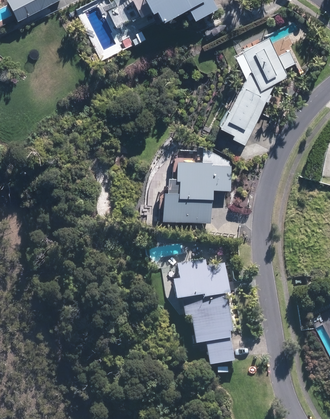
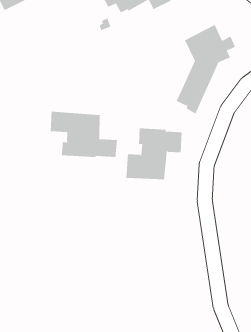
building: none -> [50,111,118,158]
building: [176,260,236,366] -> none

